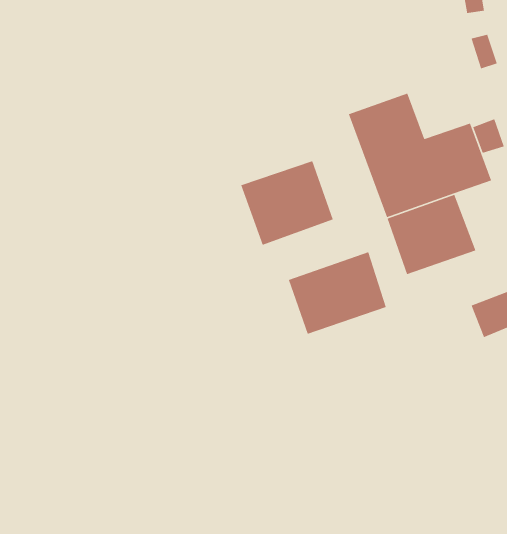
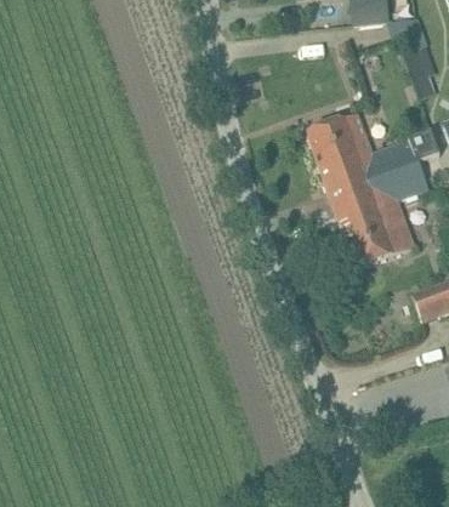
building: [240,160,334,246] -> none
building: [288,251,387,335] -> none

